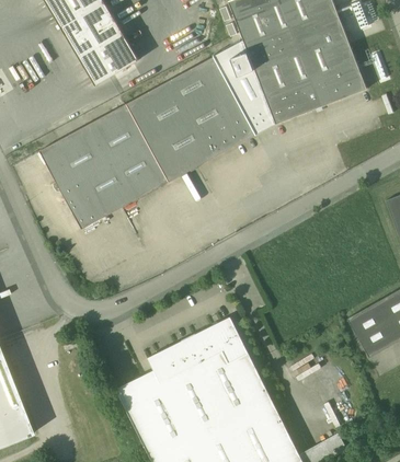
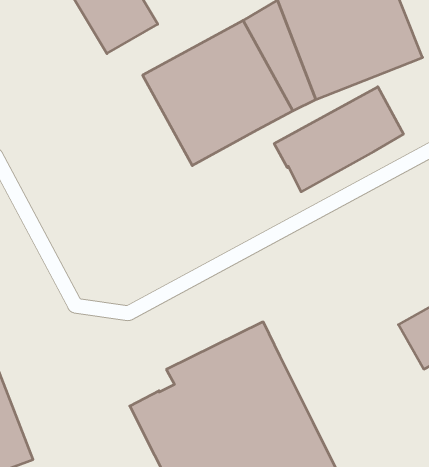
building: [39,104,170,229] -> none
building: none -> [274,87,403,192]

